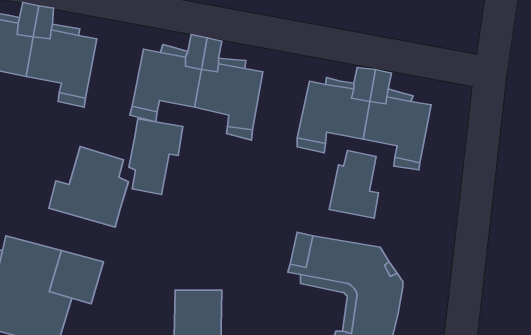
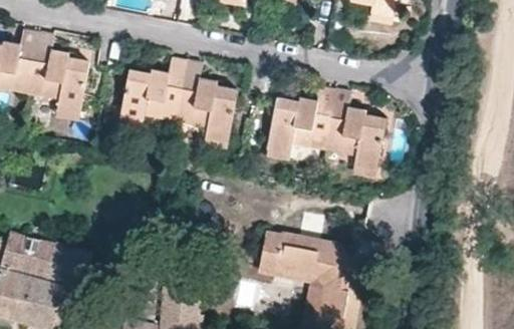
building: [129,119,183,195] -> none
building: [49,146,129,227] -> none
building: [329,150,378,218] -> none

